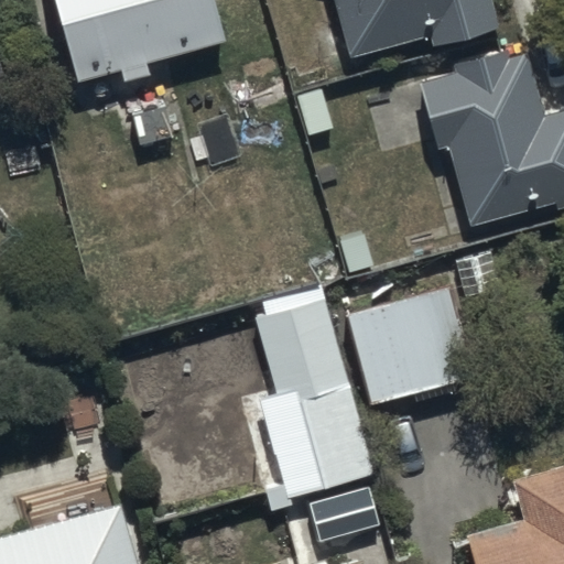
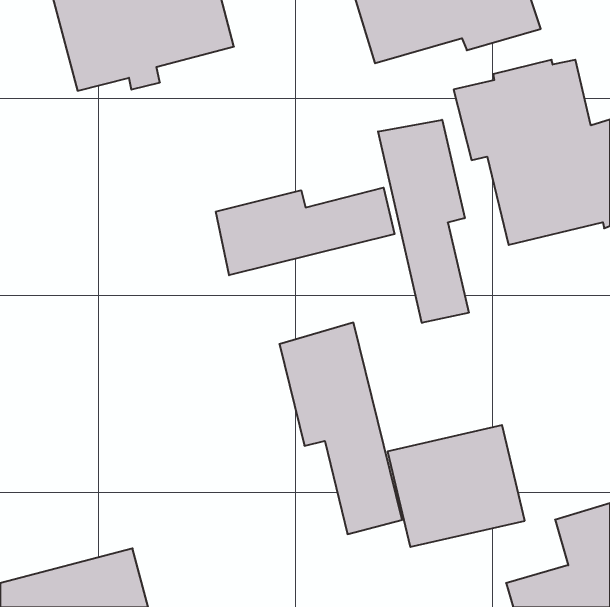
building: none -> [378,120,469,323]
building: none -> [216,188,395,275]
building: [349,291,476,403] -> [388,425,525,547]

